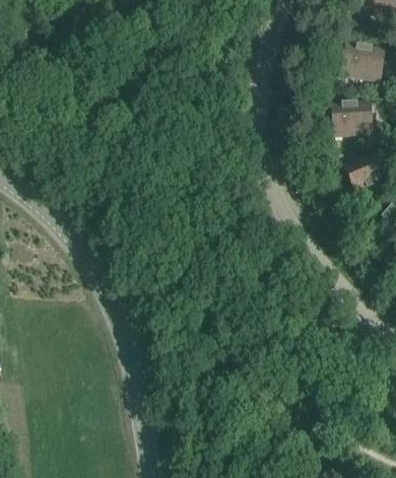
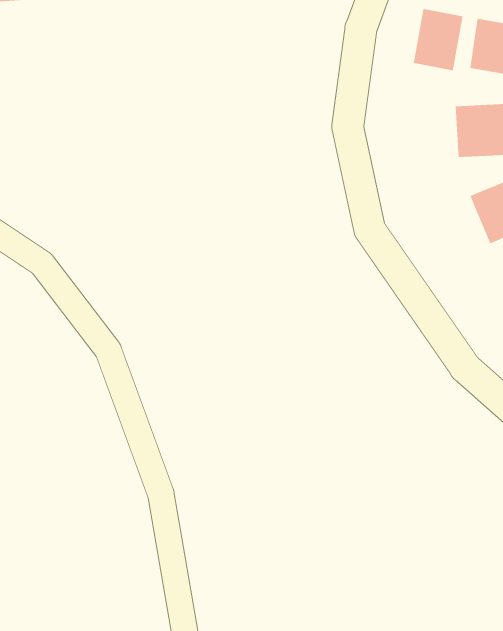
building: none -> [413,8,463,71]

